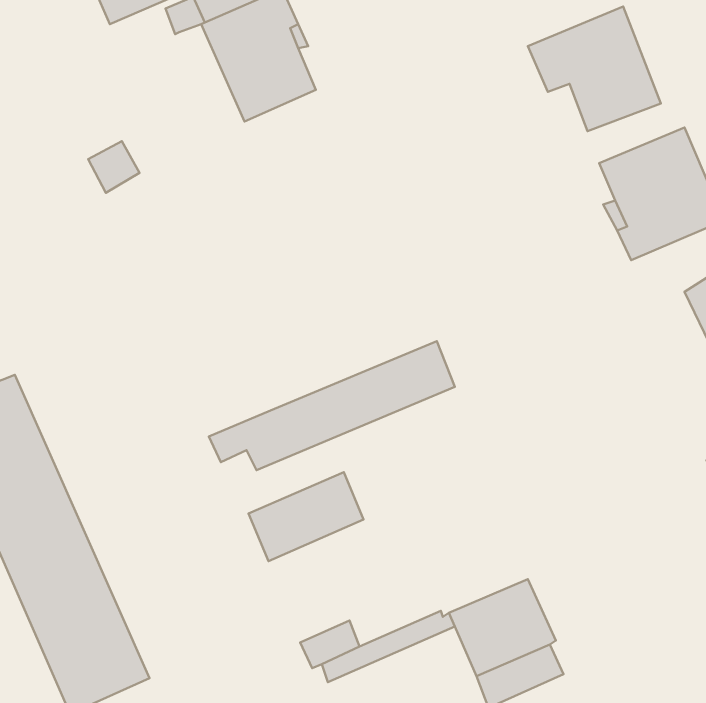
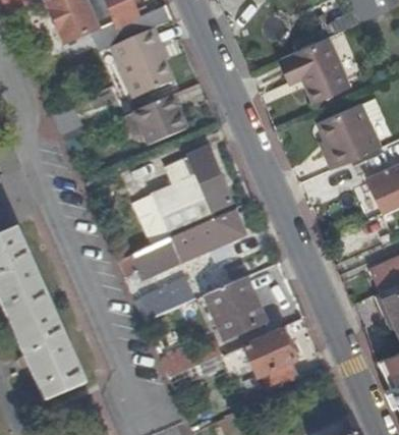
building: none -> [134,95,185,145]
building: none -> [133,149,234,244]
building: none -> [201,275,264,339]

